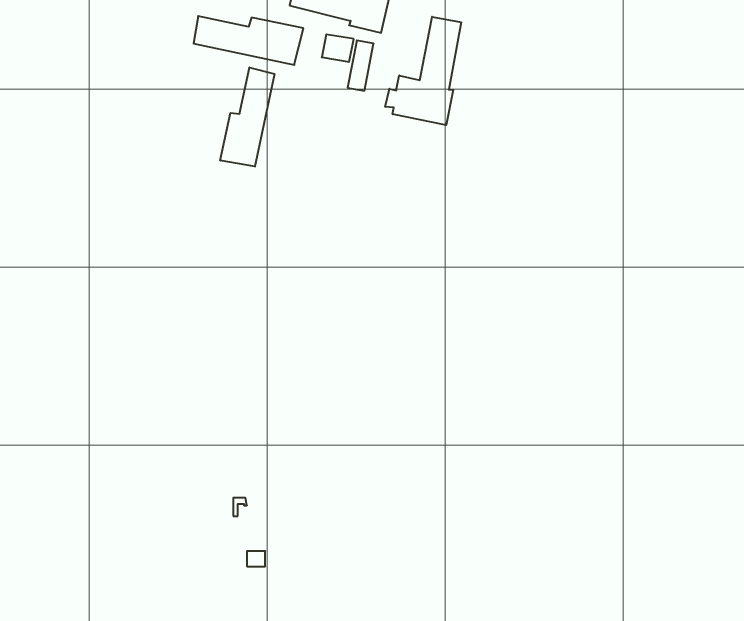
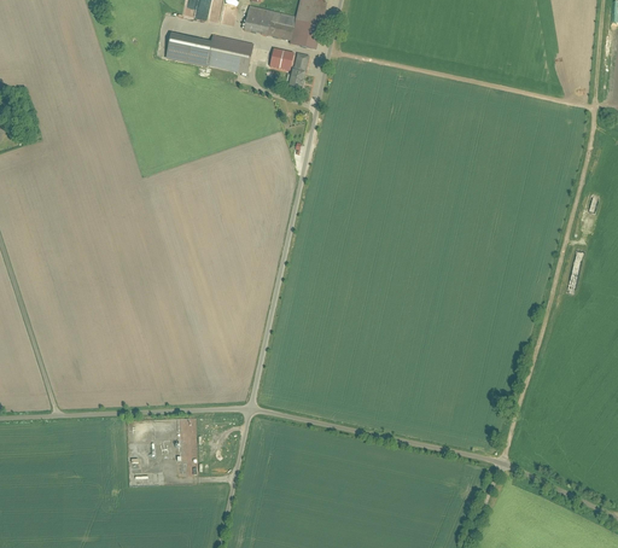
building: [385,17,461,125] -> none
building: [220,67,275,167] -> none

